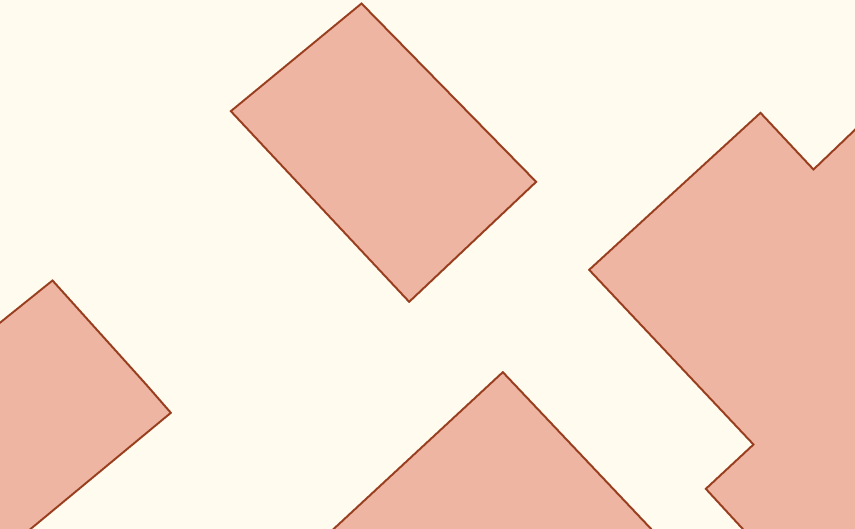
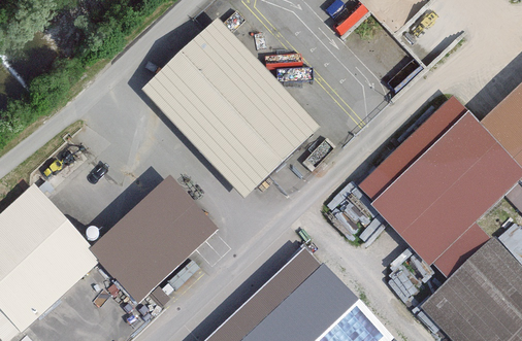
building: none -> [91,172,223,302]

